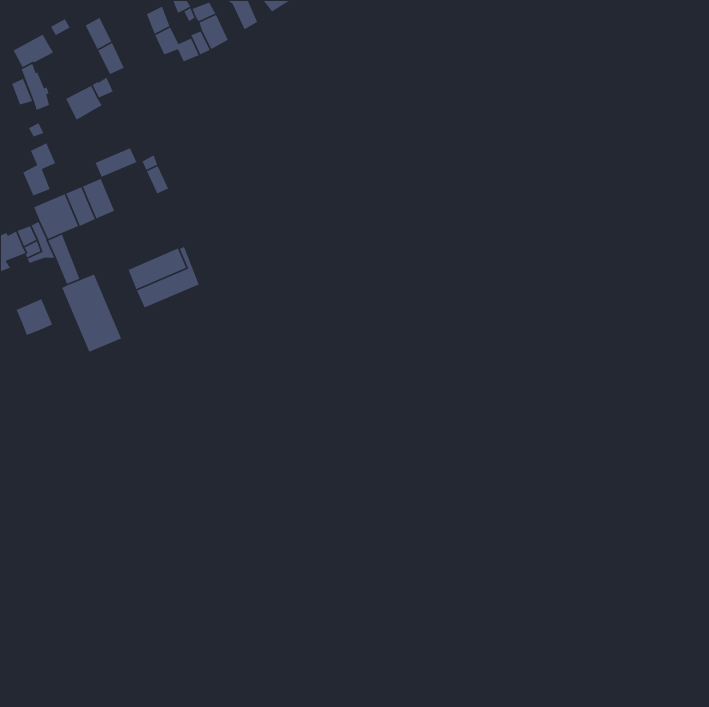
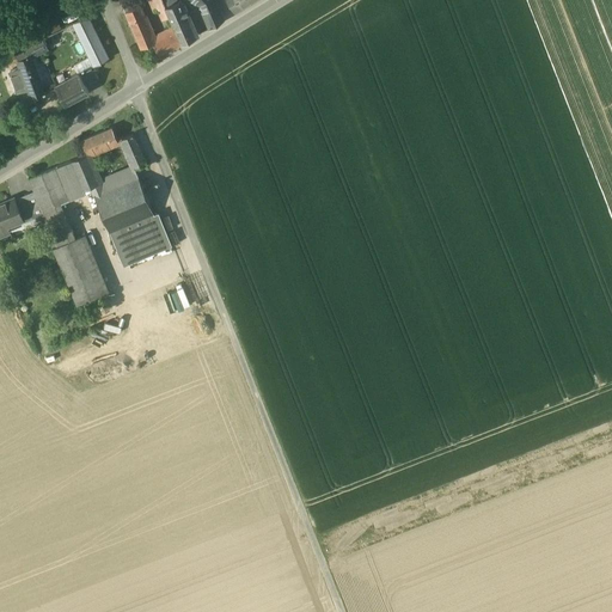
building: [22,142,56,197] -> none
building: none -> [94,178,154,234]
building: [15,298,53,336] -> none

